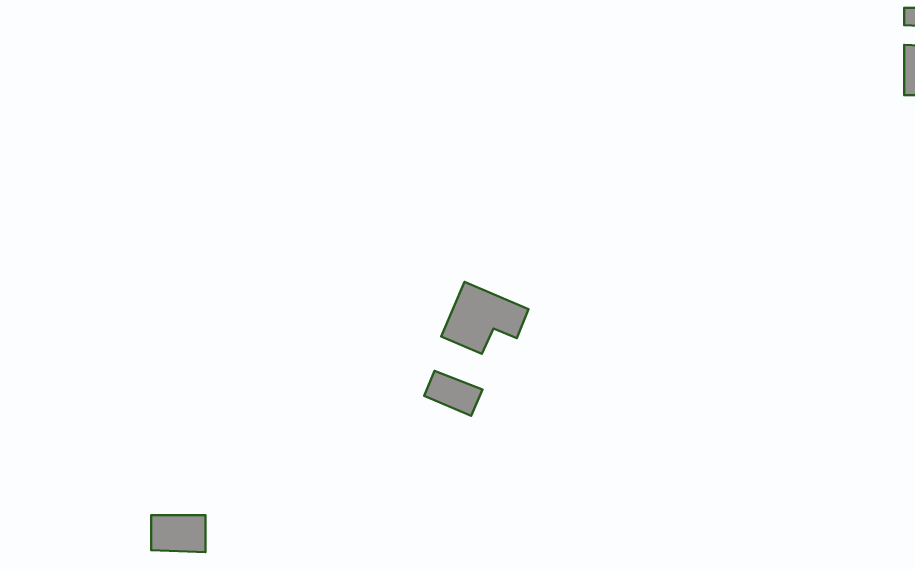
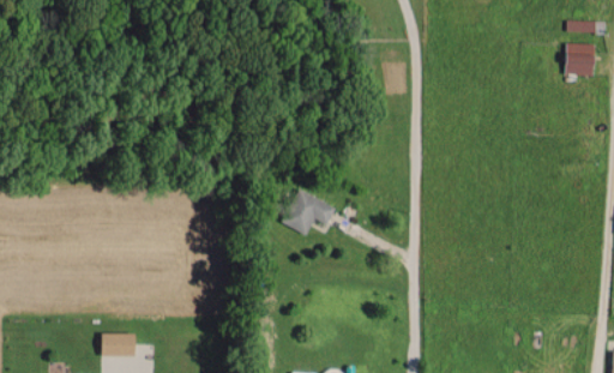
building: [424,371,482,416] -> none

